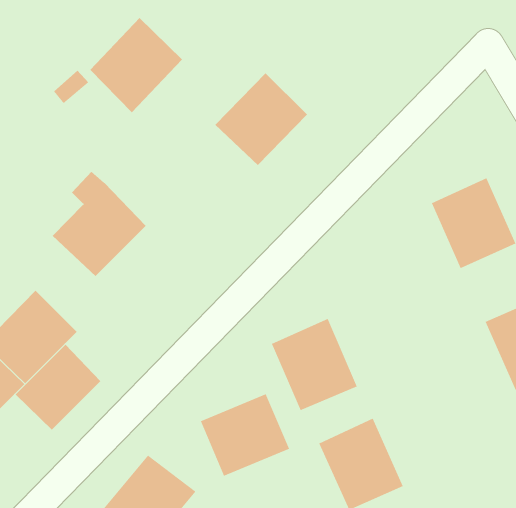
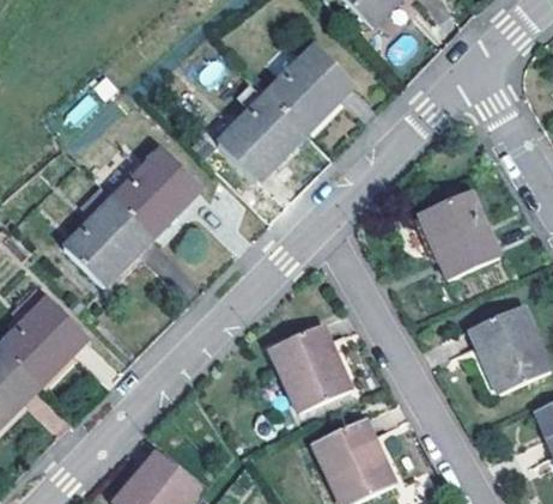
building: [90,17,183,113] -> [114,148,201,238]
building: none -> [265,44,354,134]
building: [15,344,101,431] -> none
building: [200,393,290,477] -> none

